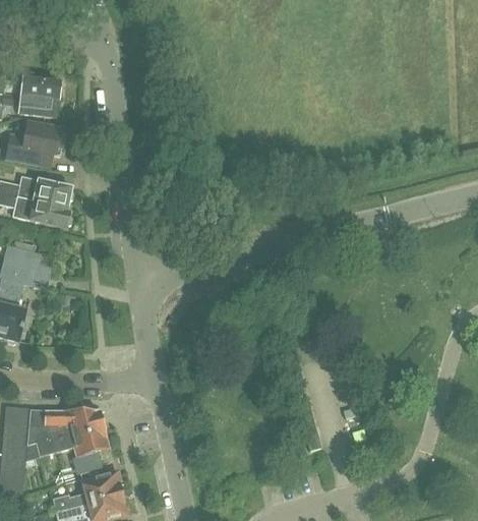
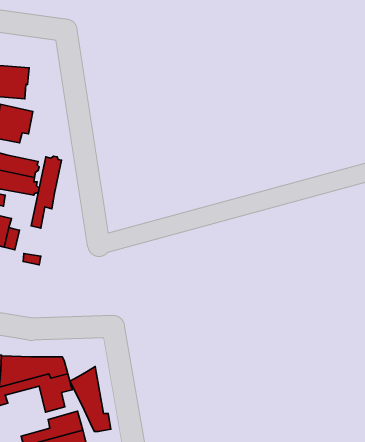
building: none -> [31,156,62,228]
building: none -> [70,367,111,432]

